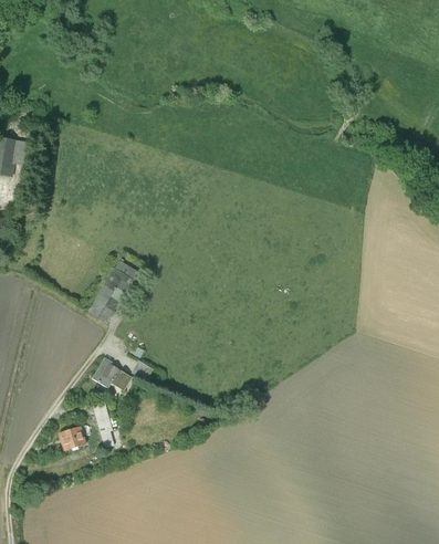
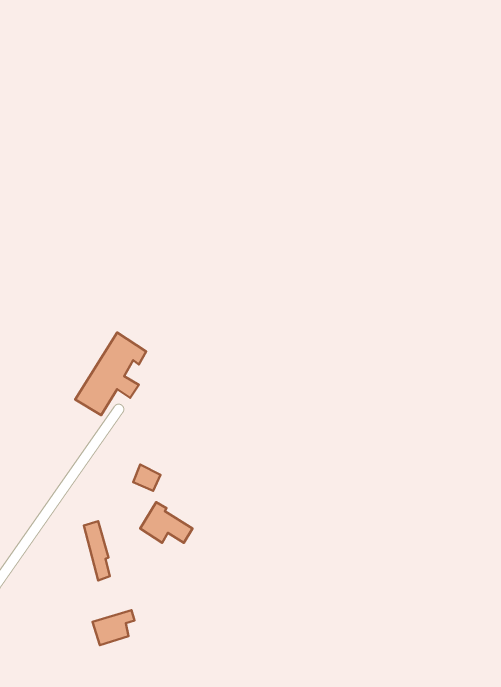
building: [92,357,132,388] -> [140,502,192,543]
building: [58,425,90,451] -> [92,610,134,645]

